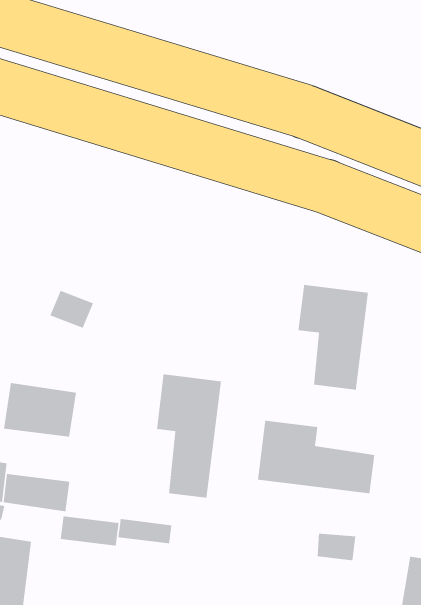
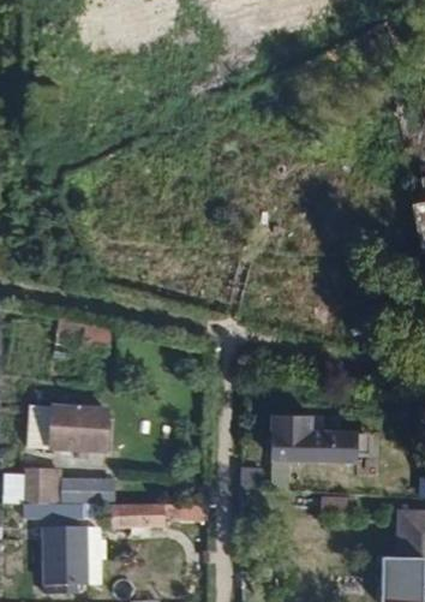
building: [298,284,368,391] -> none
building: [156,373,222,499] -> none

